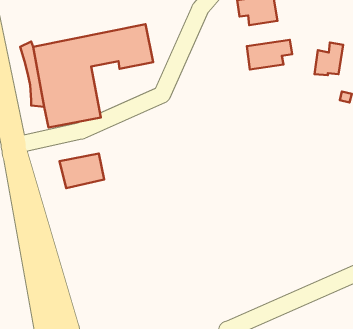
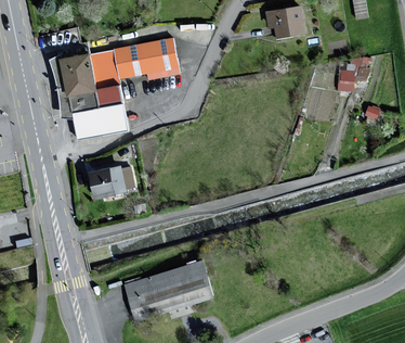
building: [247,40,292,69] -> none
building: none -> [123,262,212,320]

